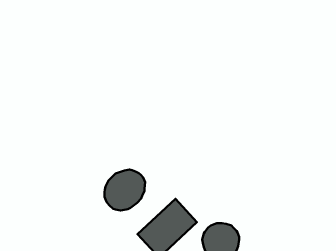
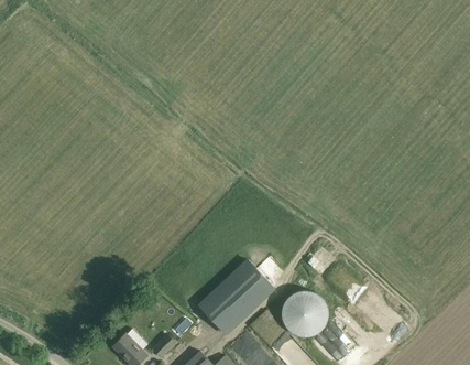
building: [104,170,145,211] -> none

